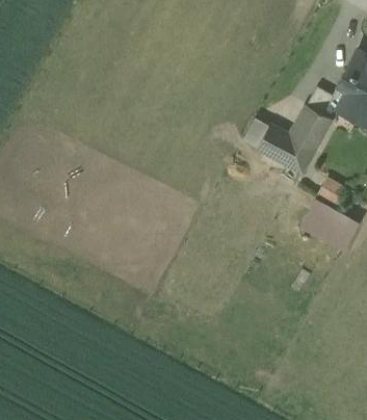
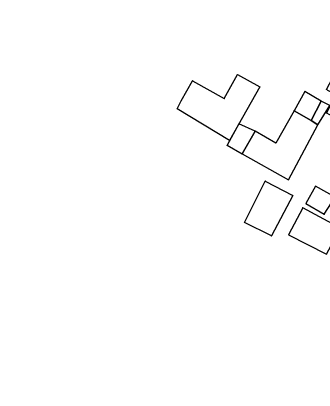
building: none -> [177,75,260,140]
building: none -> [245,181,293,236]

